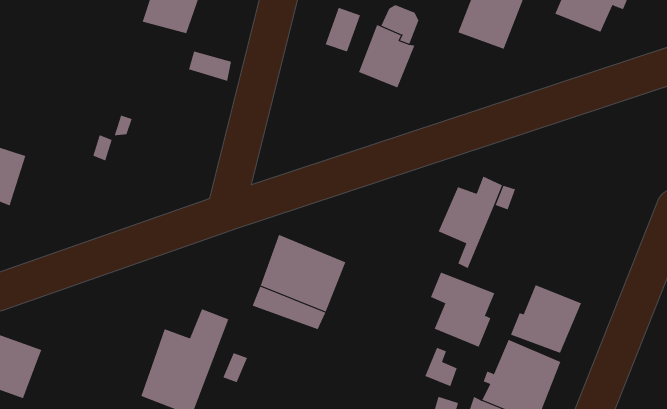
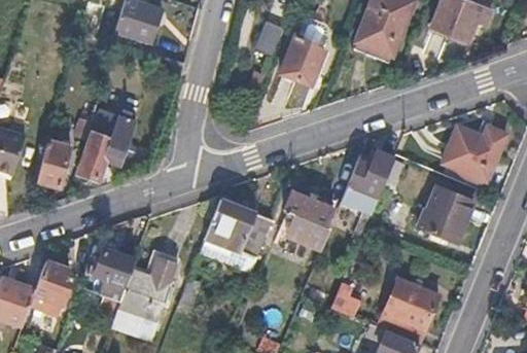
building: none -> [80,110,135,171]
building: none -> [442,128,501,180]
building: none -> [33,141,67,187]
building: [430,272,495,347] -> [282,191,332,250]
building: [510,284,582,354] -> [419,187,475,241]
building: none -> [89,247,135,301]
building: none -> [33,260,68,313]

